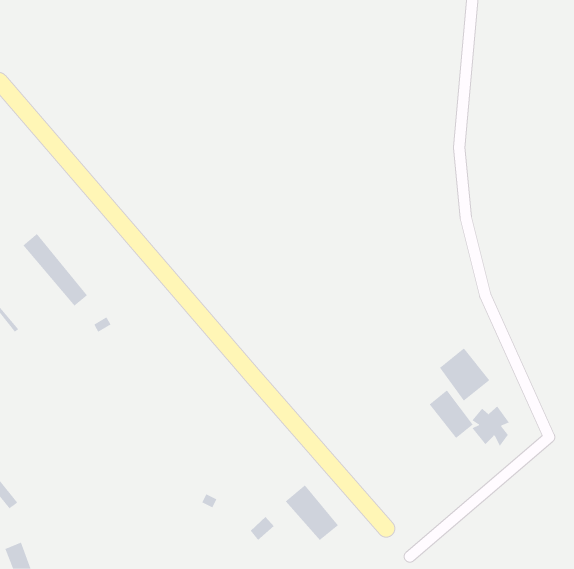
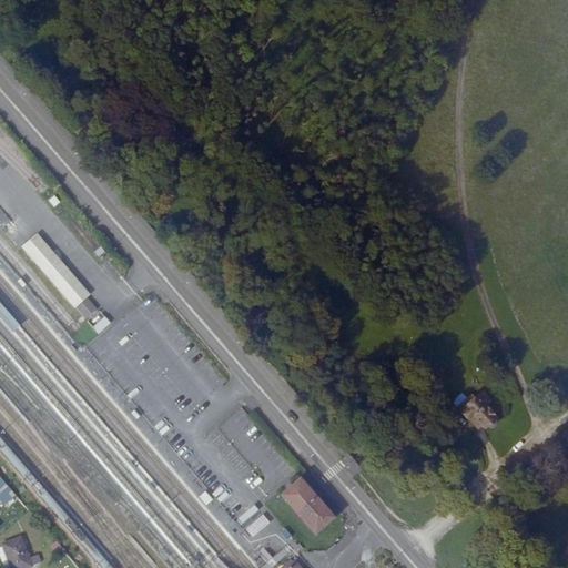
building: [439,348,490,402] -> none
building: [429,390,473,439] -> none

